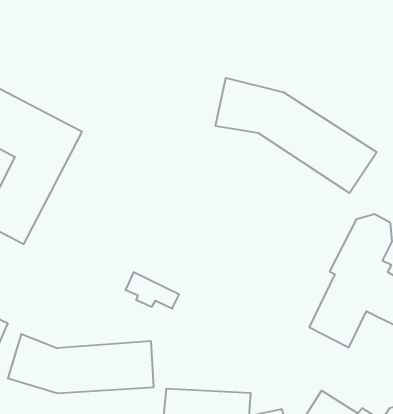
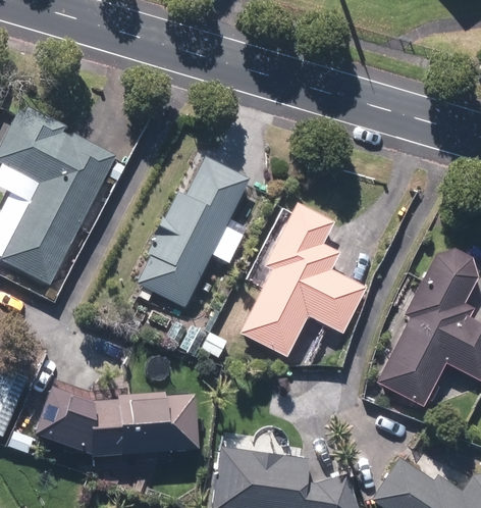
building: [216,78,377,193] -> none
building: none -> [136,156,250,307]
building: none -> [237,204,367,355]

